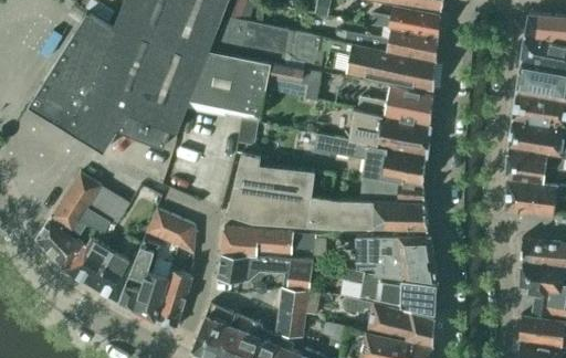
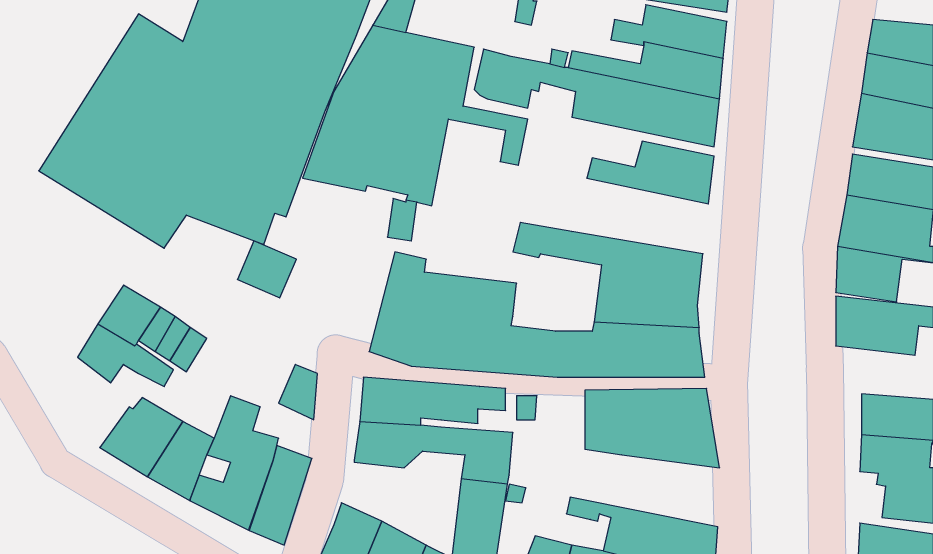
building: [348,109,430,155] -> none
building: [147,210,182,244] -> [237,241,296,298]
building: [36,218,88,271] -> none
building: [329,267,437,314] -> none

